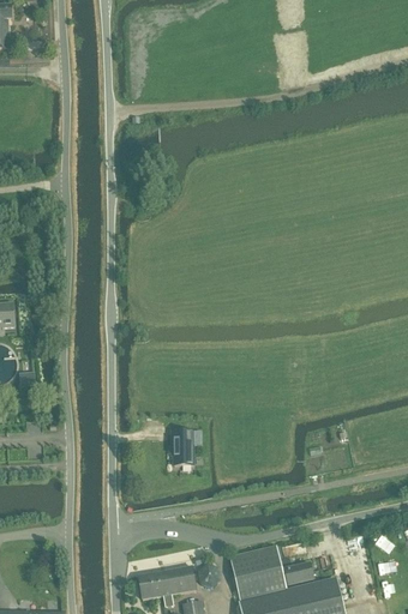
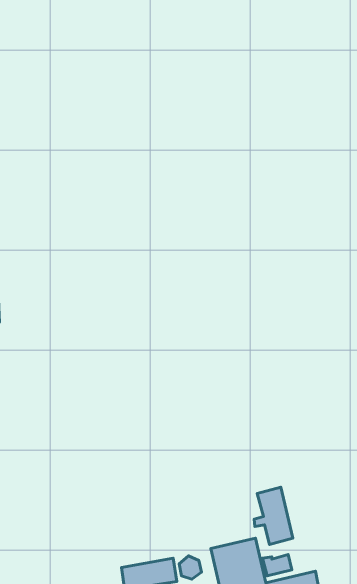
building: [170,433,200,468] -> none
building: none -> [254,487,293,545]

